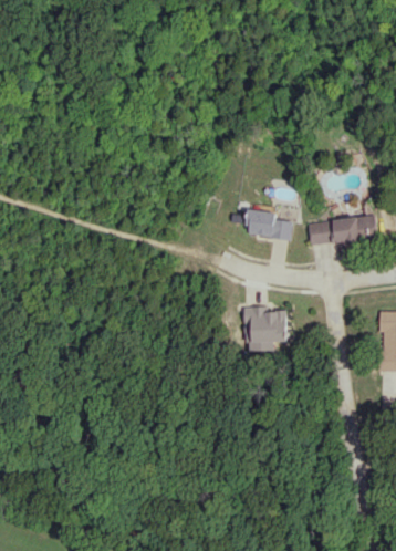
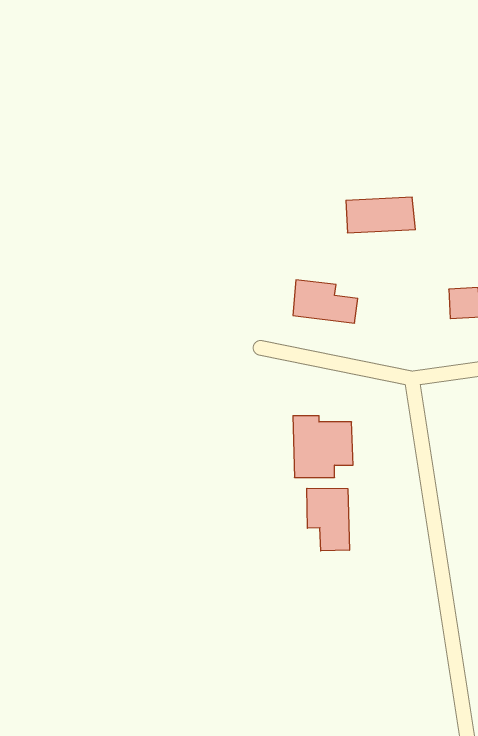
building: [309,219,358,245] -> [346,197,415,233]
building: none -> [307,488,349,551]

